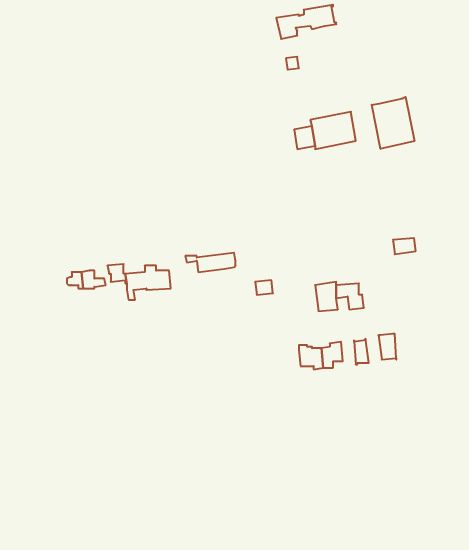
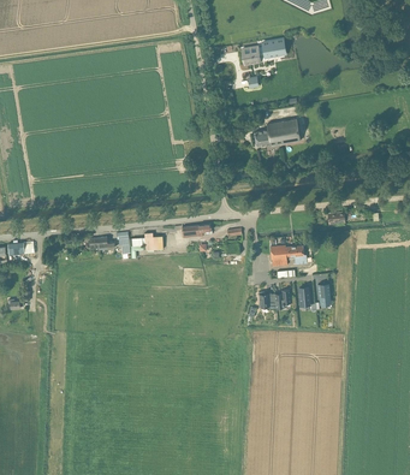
building: [372,97,414,149] -> none

